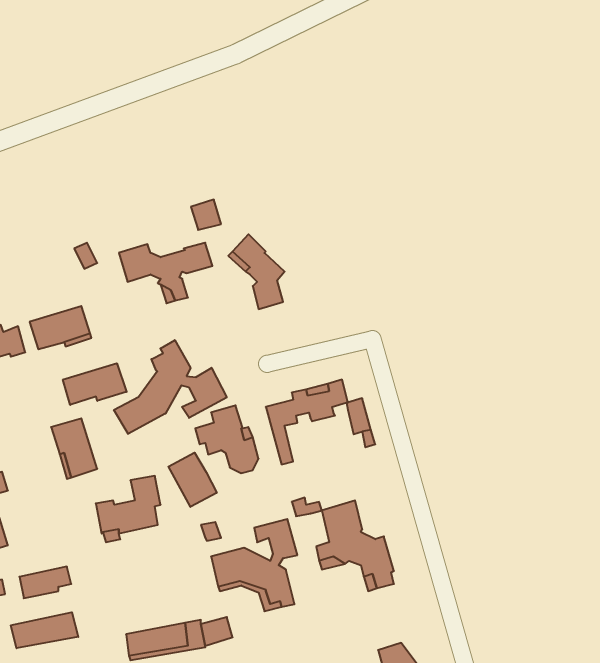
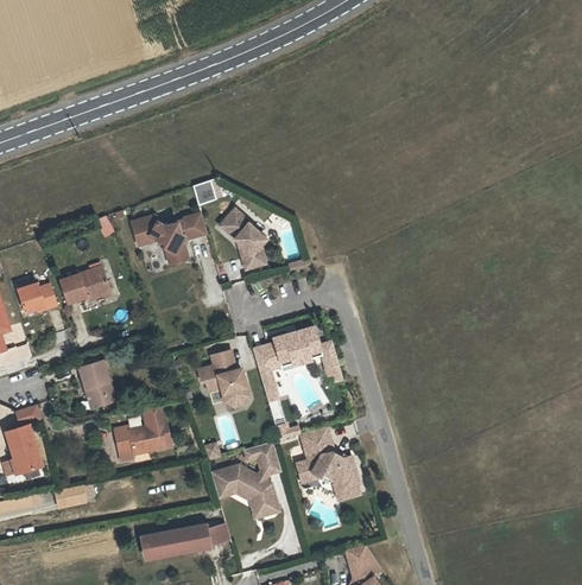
building: [114,340,227,434] -> none
building: [63,363,127,405] -> none
building: [168,453,217,507] -> none
building: [11,612,78,648] -> none

